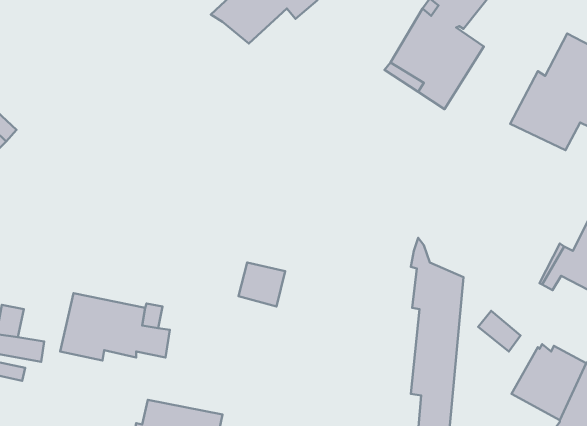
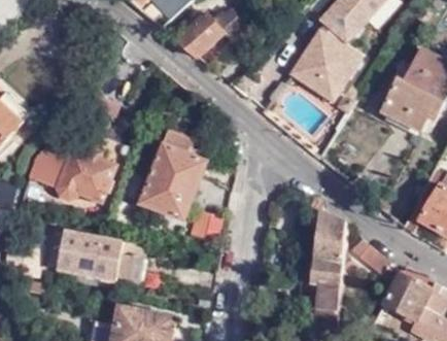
building: none -> [142,133,211,224]
building: none -> [32,144,117,204]

